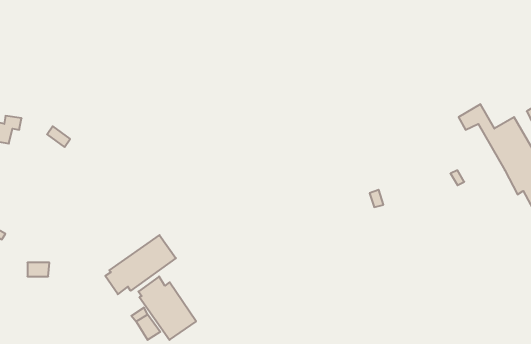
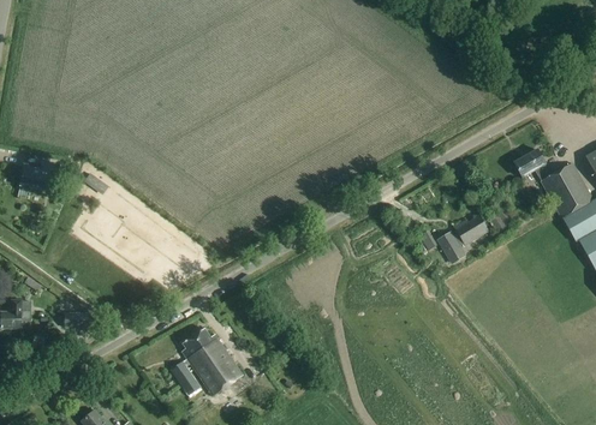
building: none -> [439,215,490,263]
building: [105,235,176,294] -> none

